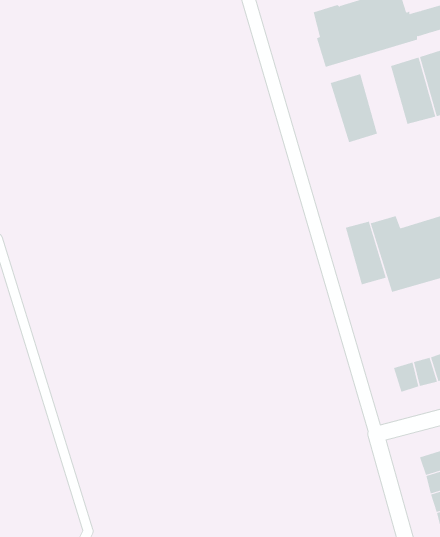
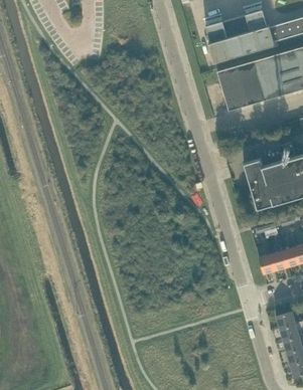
building: none -> [237,60,267,105]
building: [345,221,387,285] -> none

